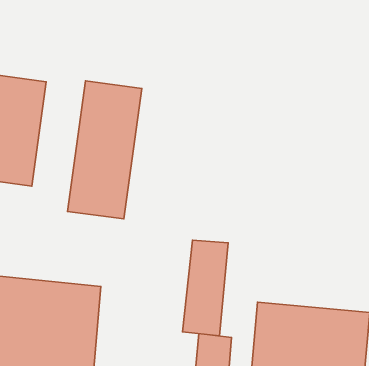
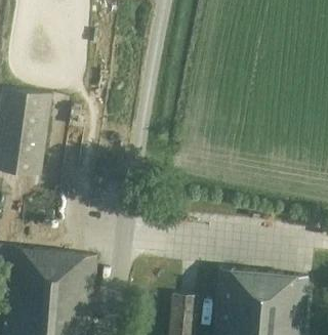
building: [68,81,142,219] -> none
building: [183,240,228,336] -> none

